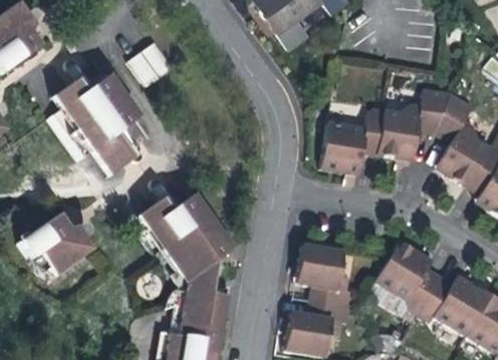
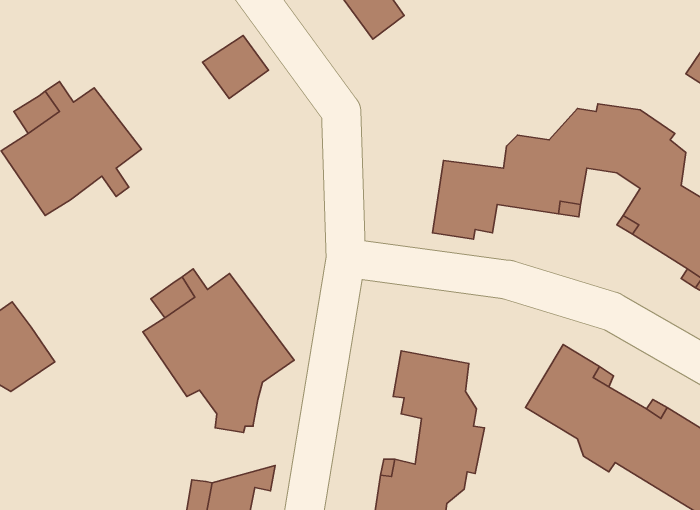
building: [129,44,171,84] -> [202,35,268,98]
building: [91,134,129,174] -> none
building: [178,290,227,330] -> none

